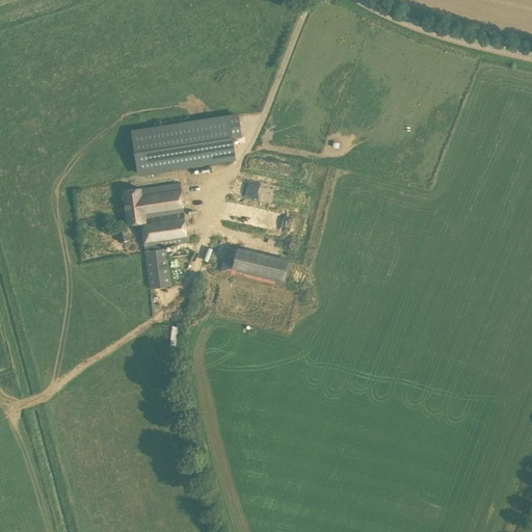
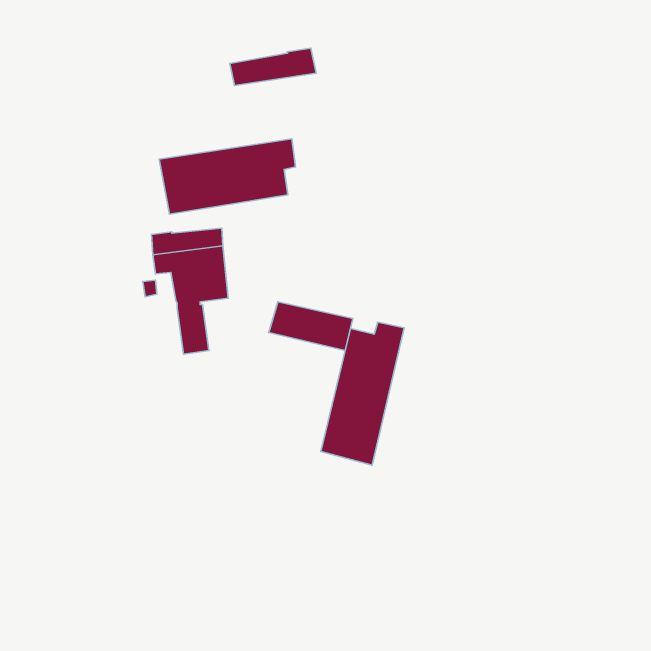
building: none -> [230,48,316,85]
building: none -> [321,322,404,465]

